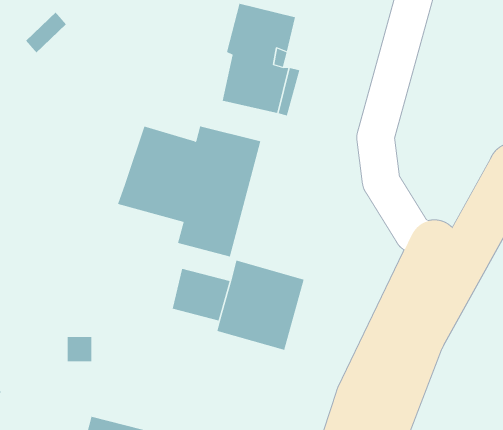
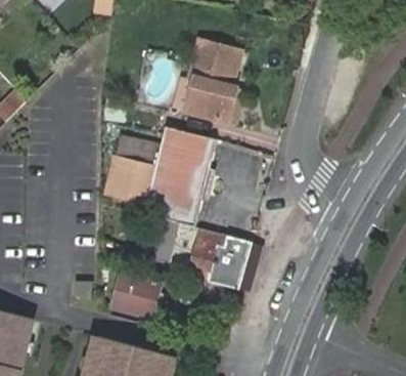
building: none -> [116,274,164,319]

